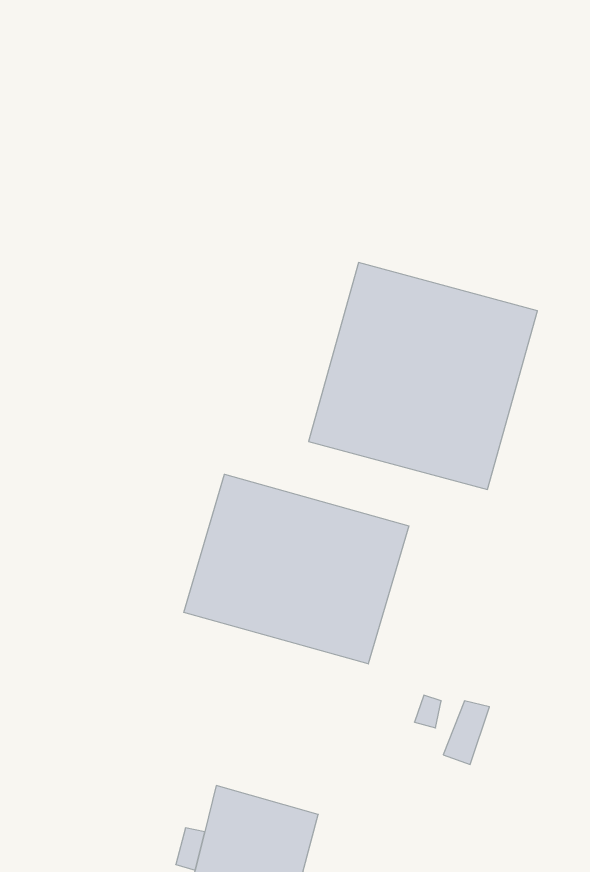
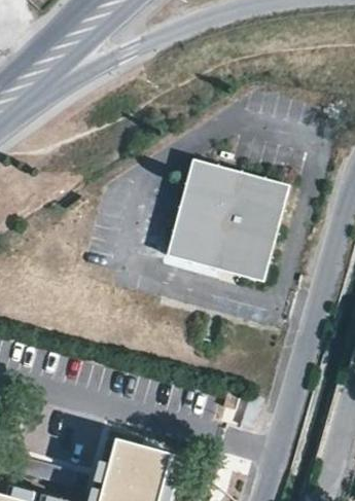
building: [184,474,409,664] -> none

